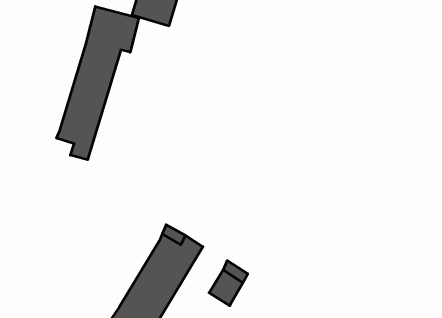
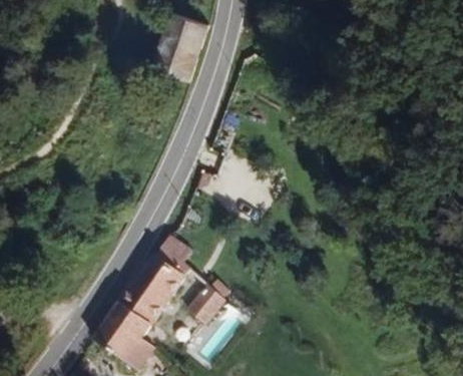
building: [57,6,139,160] -> none

